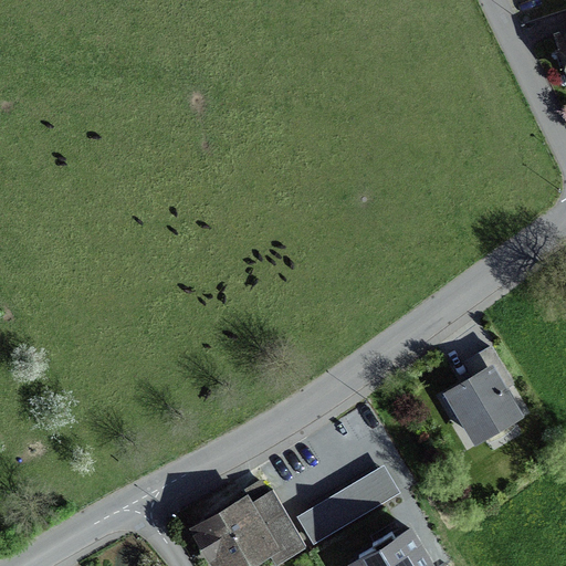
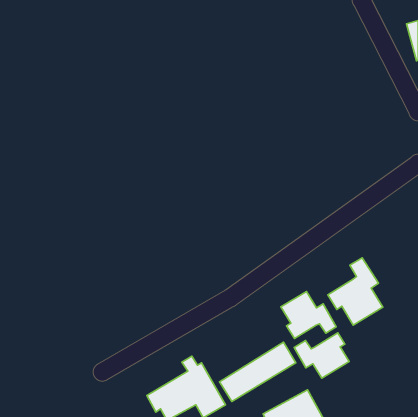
building: none -> [281,291,336,339]
building: none -> [294,333,349,378]

